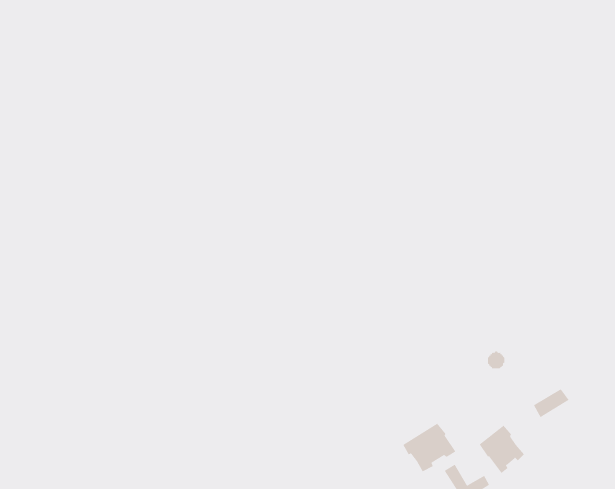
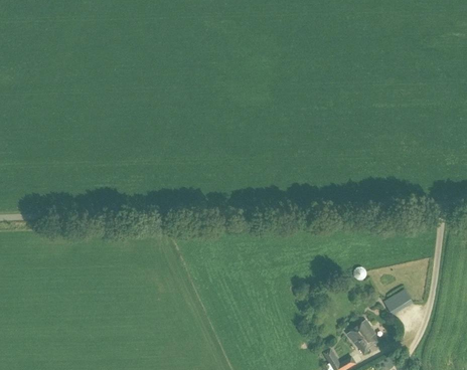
building: [403,423,456,472] -> none

